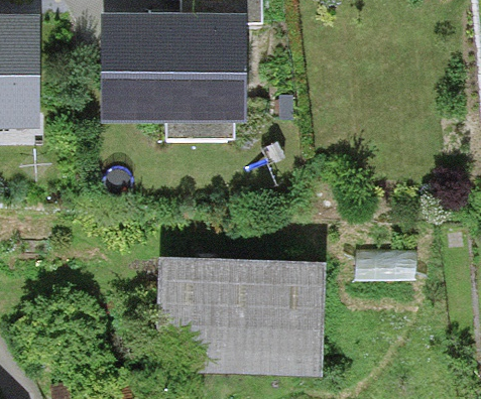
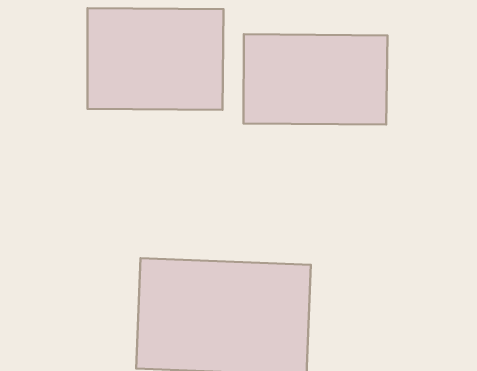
building: none -> [243,34,388,125]

